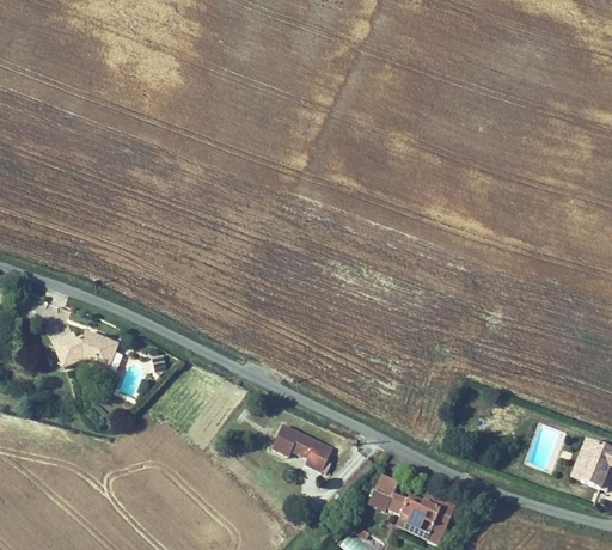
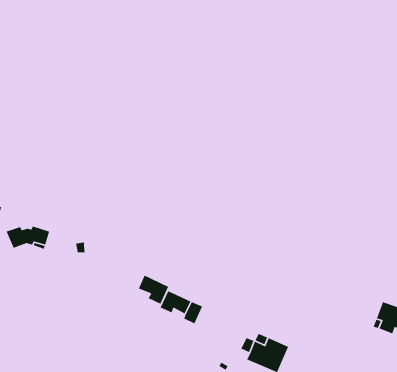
building: none -> [138,275,169,305]
building: [367,473,398,512] -> none

